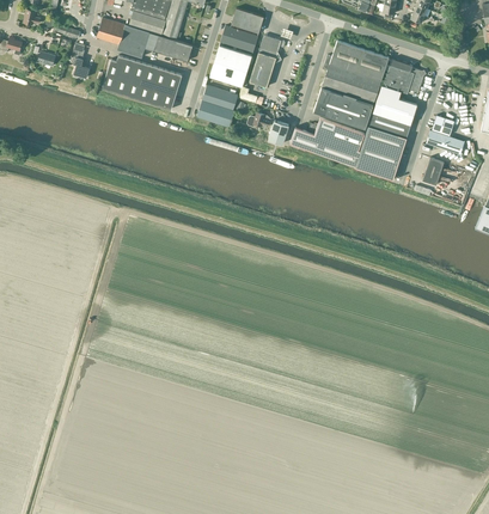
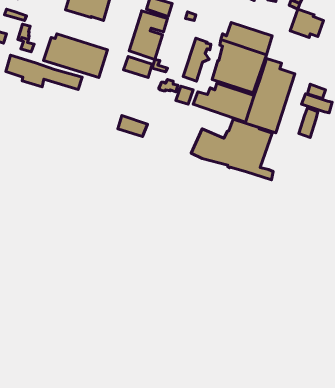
building: [97,18,192,61] -> [6,55,82,90]
building: [249,35,283,88] -> [183,38,211,81]
building: [383,59,424,94] -> [290,9,324,38]
building: [197,100,234,127] -> [118,116,147,137]
building: none -> [191,119,273,180]

